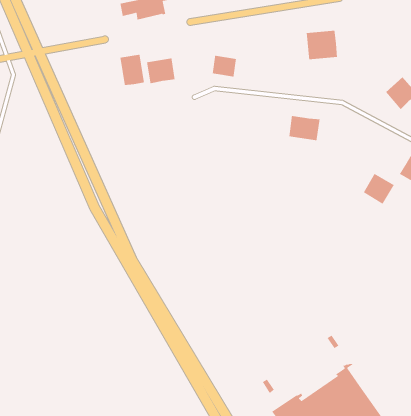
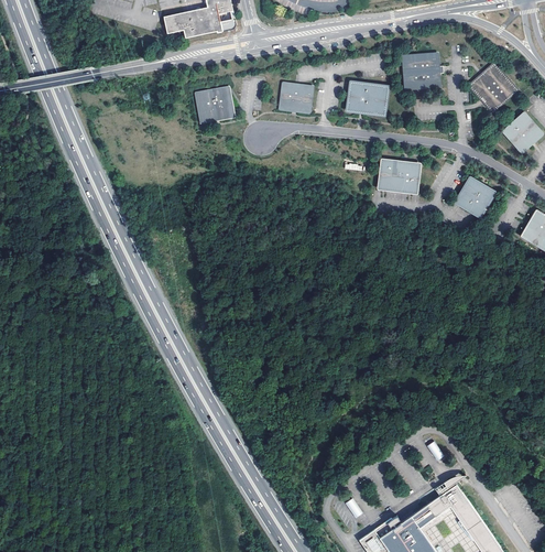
building: none -> [469,63,517,111]
building: none -> [346,80,389,116]
building: [119,54,145,86] -> none
building: [363,173,395,205] -> [455,176,495,217]

